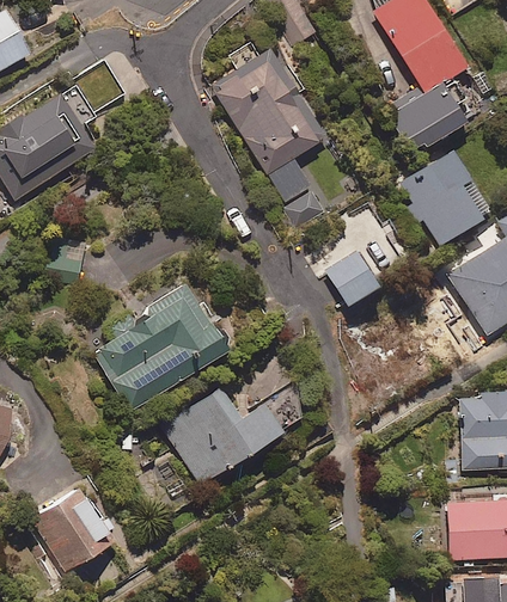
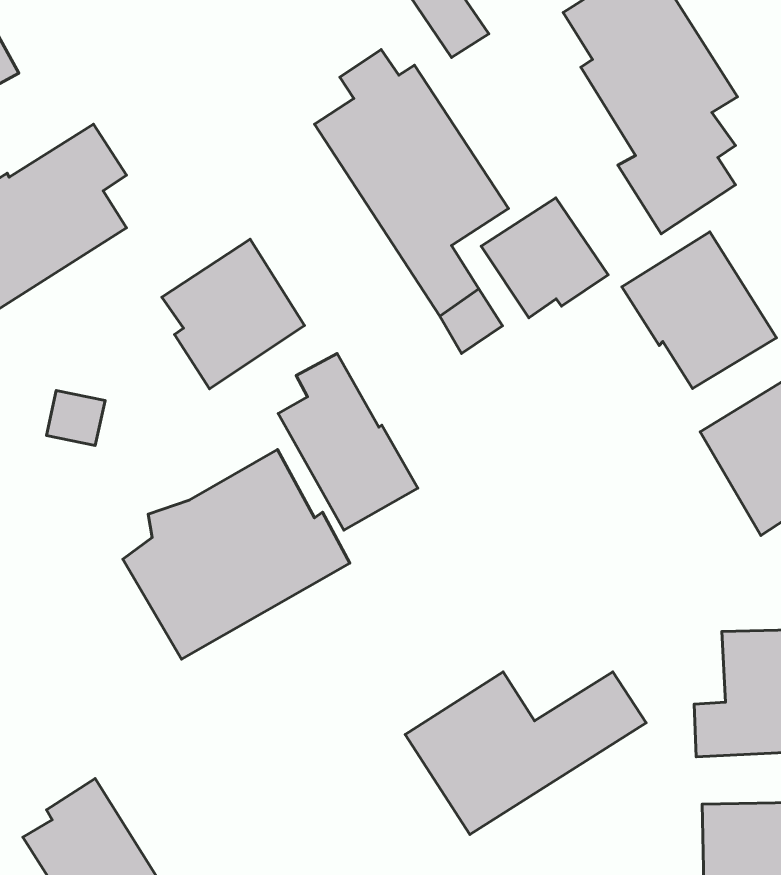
building: none -> [481,198,608,318]
building: none -> [162,239,304,389]
building: none -> [278,353,418,530]
building: [326,251,380,308] -> none
building: [163,387,310,486] -> [405,672,646,834]

